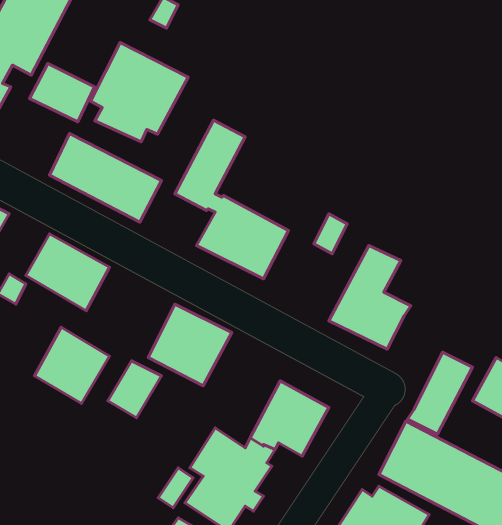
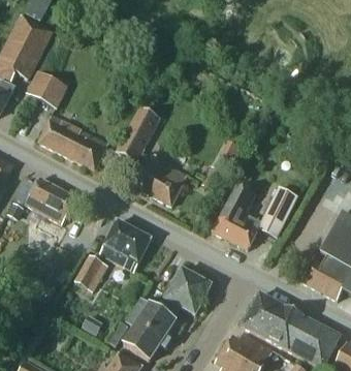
building: [90,43,188,142] -> none
building: [35,327,109,403] -> none
building: [407,352,473,434] -> [257,186,297,237]

